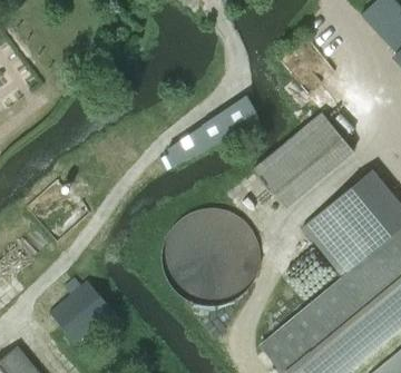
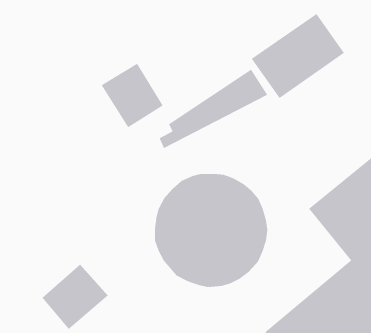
building: none -> [101,63,164,128]
building: [260,112,349,194] -> [251,13,345,99]

